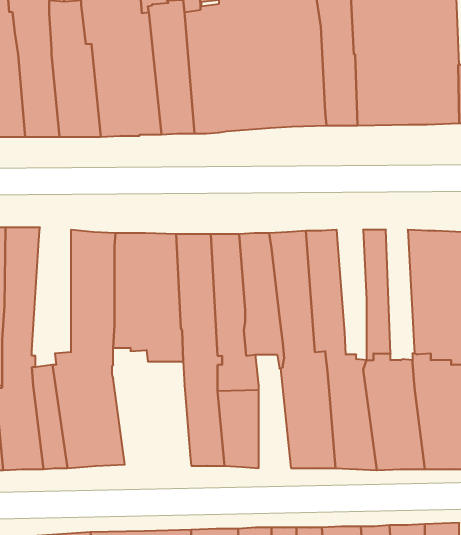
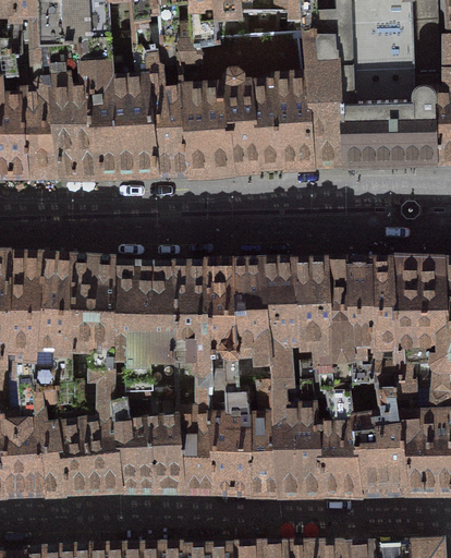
building: none -> [34,260,71,393]
building: none -> [324,263,352,387]
building: none -> [370,263,398,387]
building: none -> [110,375,185,487]
building: none -> [246,381,280,489]

